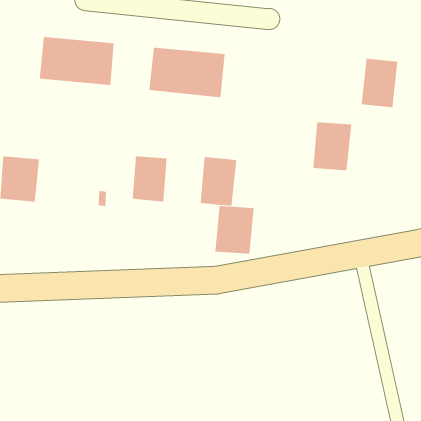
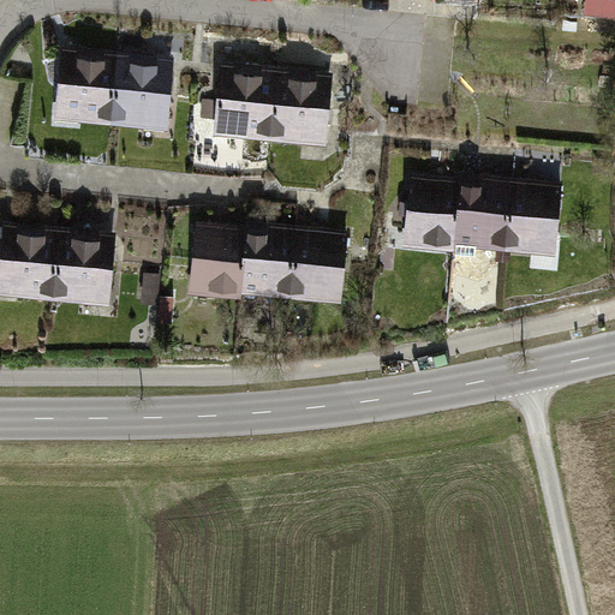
building: [361,58,398,108] -> [503,184,557,256]
building: none -> [406,183,458,250]
building: none -> [52,234,109,301]
building: [215,205,254,254] -> [238,227,295,298]

